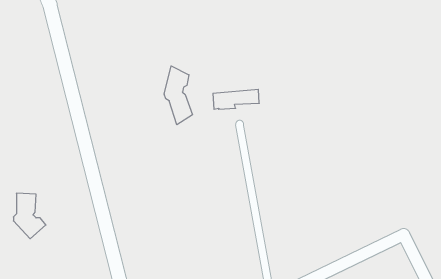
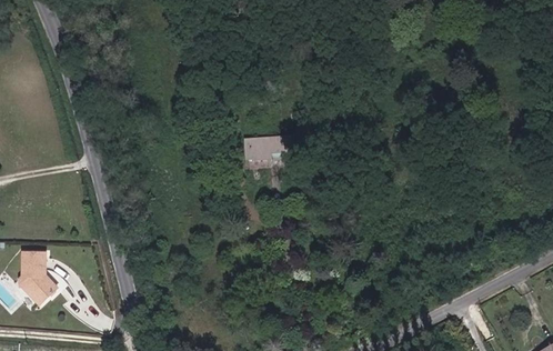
building: [164,66,192,125] -> none

